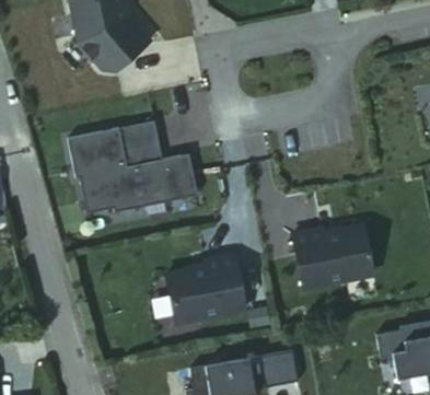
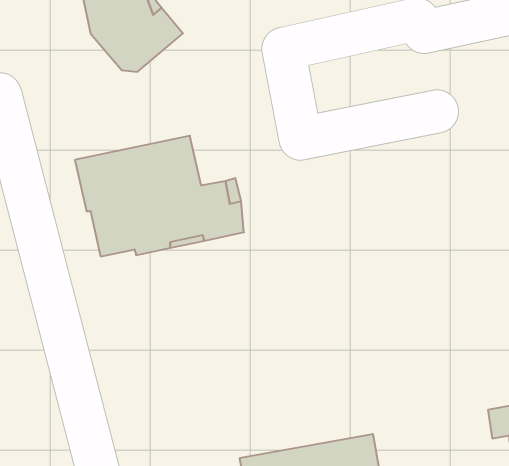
building: [291,218,374,286] -> none
building: [164,255,244,323] -> none

